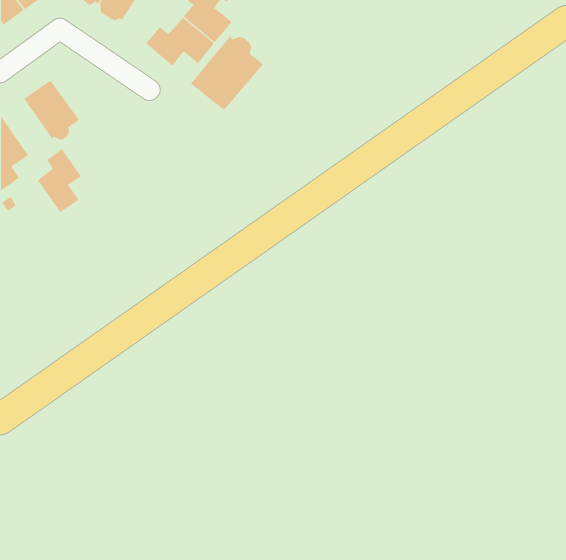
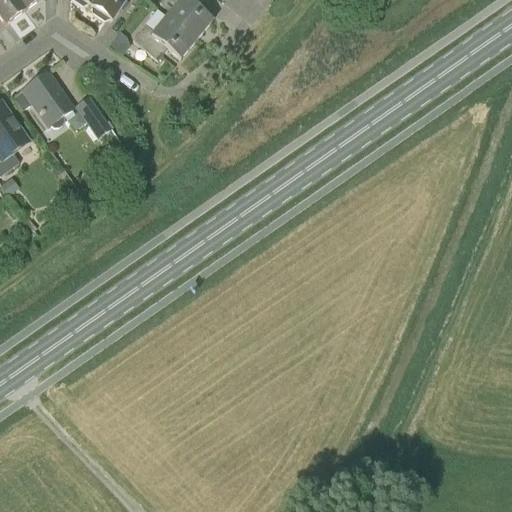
building: [190,36,264,111] -> none
building: none -> [73,95,104,129]
building: [37,148,82,213] -> none

